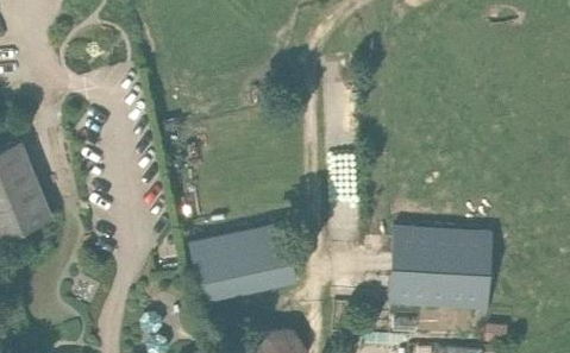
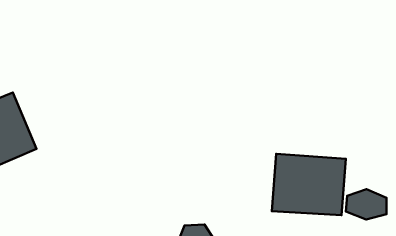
building: [189,221,295,296] -> none
building: none -> [346,189,387,219]

